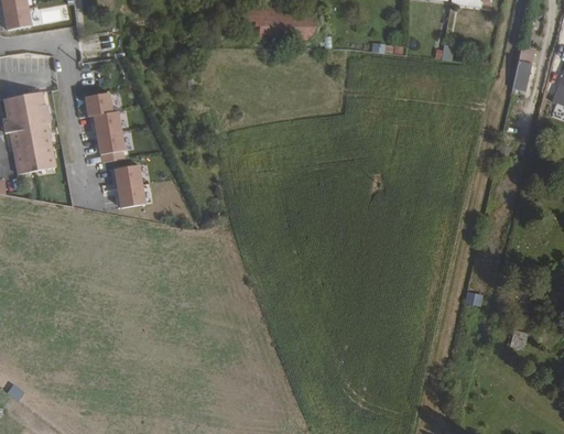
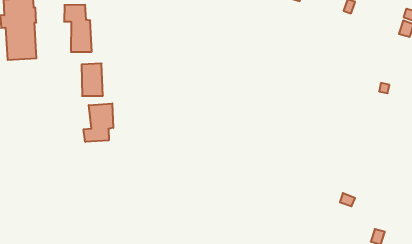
building: none -> [84,103,113,142]

